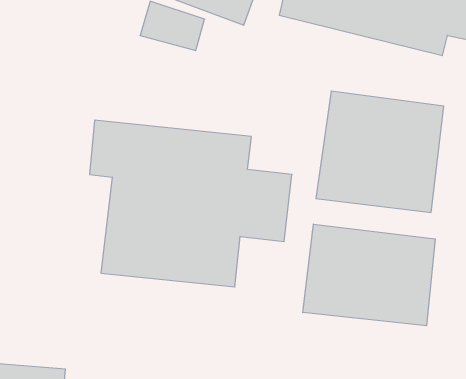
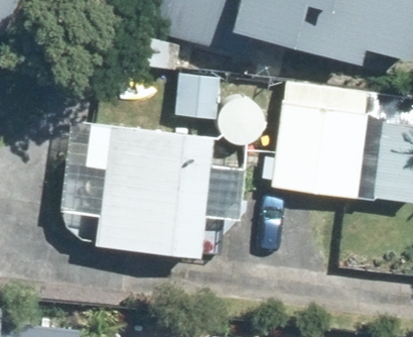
building: [303,224,435,326] -> none

